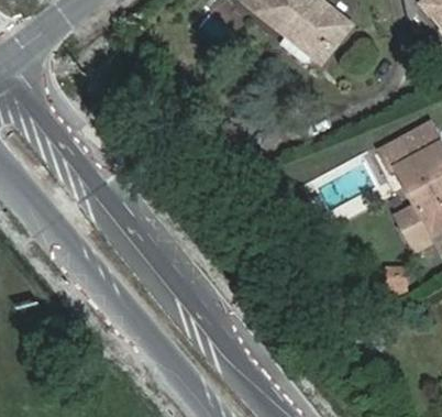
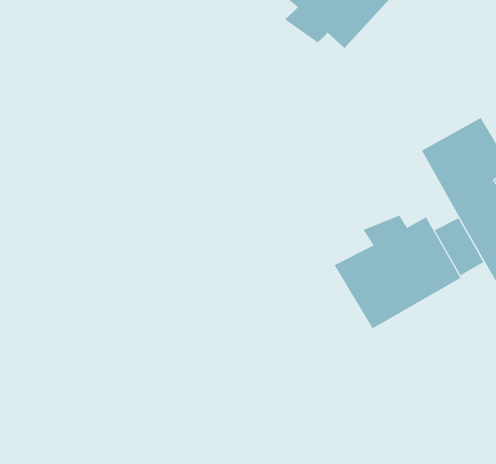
building: none -> [334,215,461,329]

